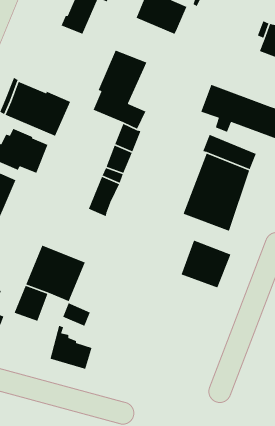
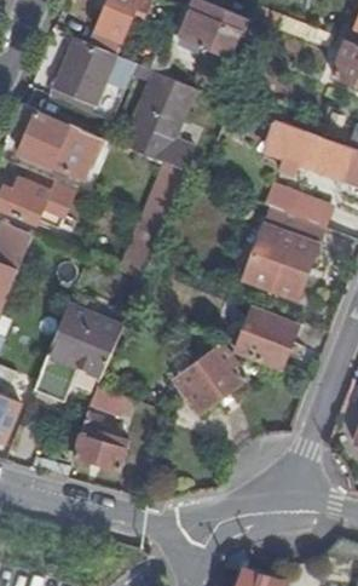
building: none -> [54,38,115,105]
building: none -> [173,343,247,413]

